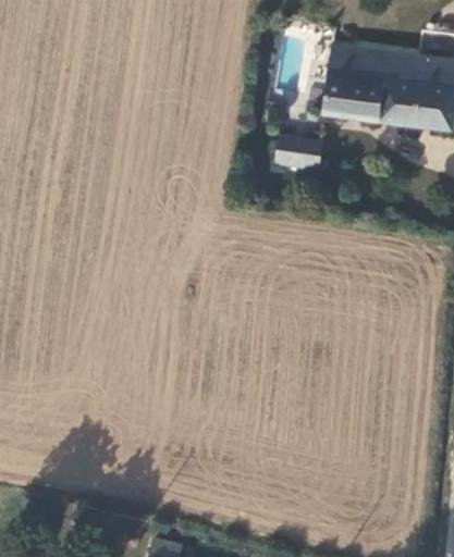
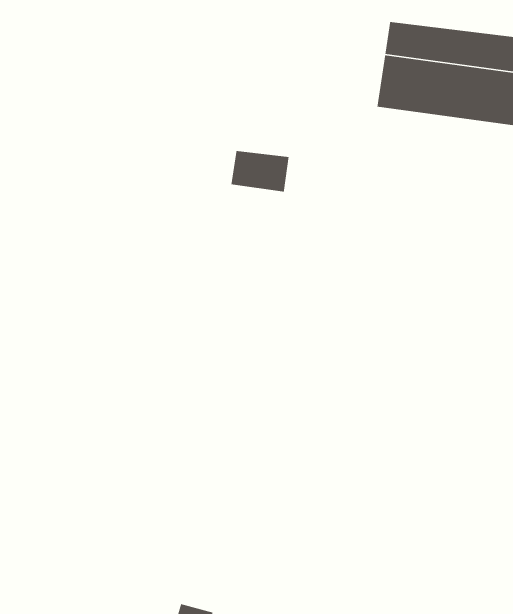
building: [273,135,323,171] -> [231,150,290,192]

